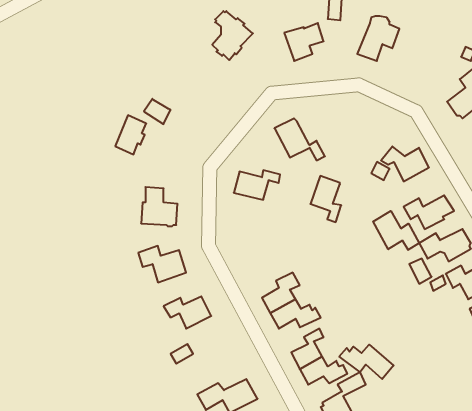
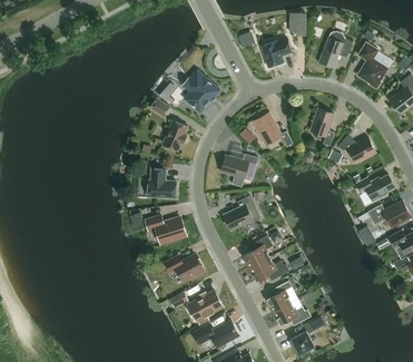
building: [212,11,253,60] -> [186,71,218,110]
building: none -> [357,41,387,88]
building: [115,115,146,154] -> [163,119,187,150]
building: [310,176,341,222] -> [309,108,334,145]
building: [373,211,419,250] -> none
building: none -> [224,195,252,229]
building: none -> [184,290,223,324]
building: [339,345,394,379] -> none

